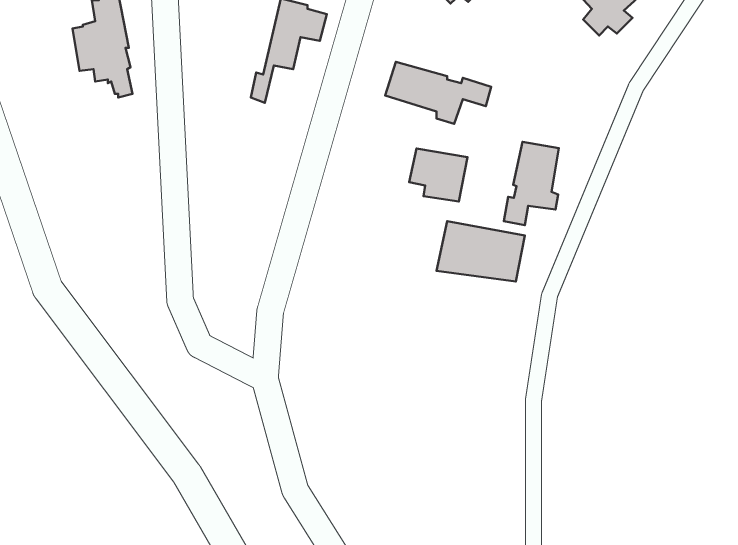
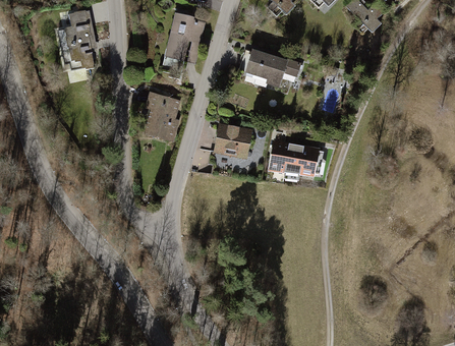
building: none -> [147,94,178,140]
building: [504,142,559,225] -> none
building: [409,148,468,202] -> [217,125,250,156]

